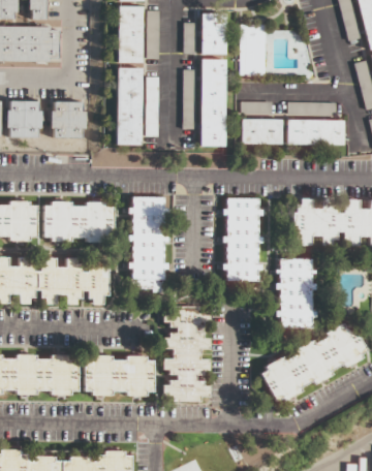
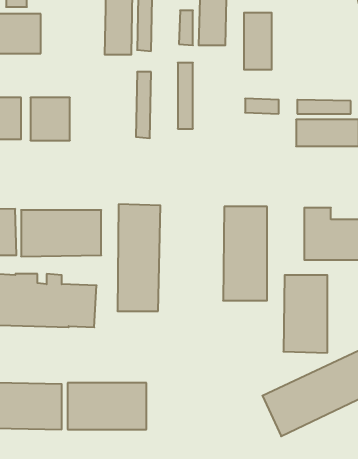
building: [200,59,226,146] -> none
building: [117,67,142,145] -> none
building: [242,119,283,144] -> none
building: [164,306,212,402] -> none

